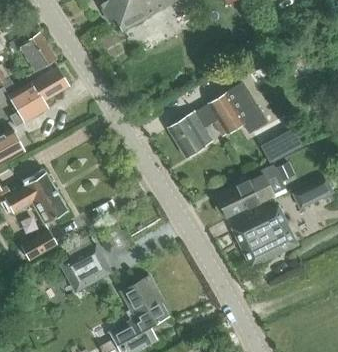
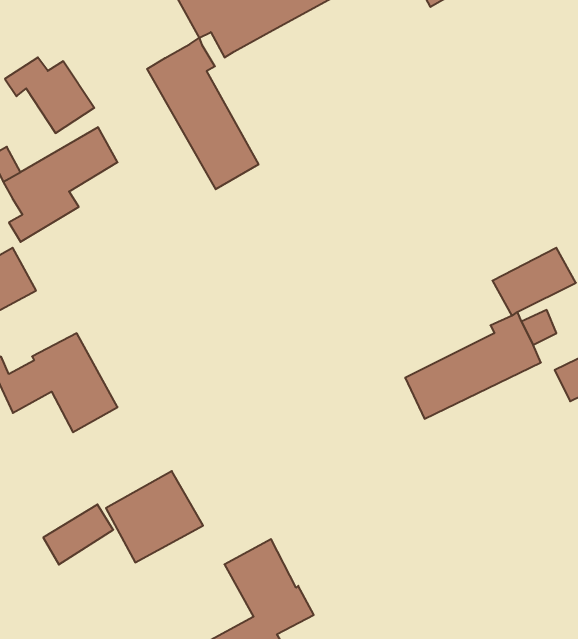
building: none -> [147,38,258,189]
building: [168,83,266,157] -> none
building: [230,206,294,267] -> none
building: [20,231,56,262] -> [43,504,113,565]

